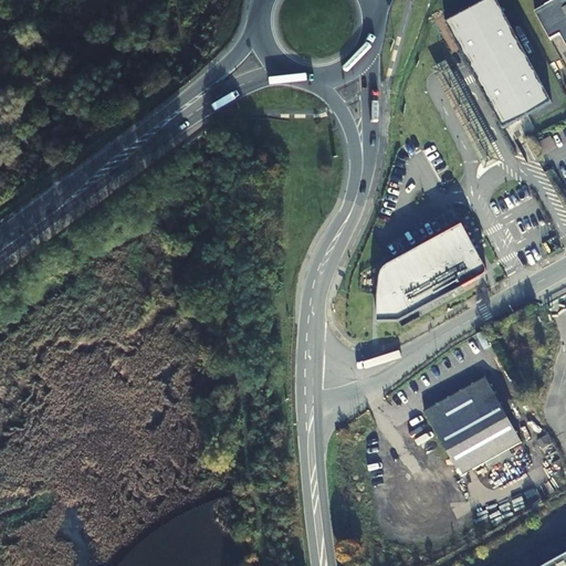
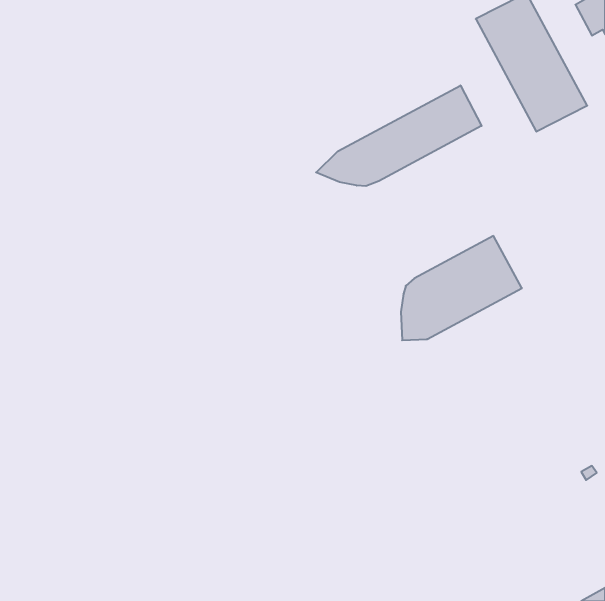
building: none -> [316,85,482,186]
building: [427,376,523,475] -> none

